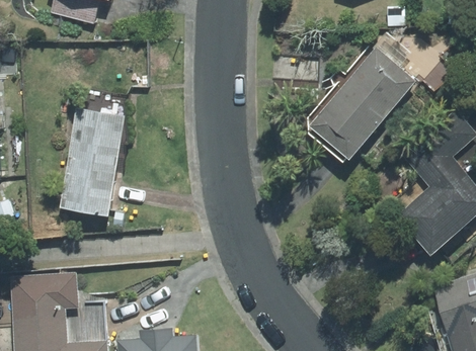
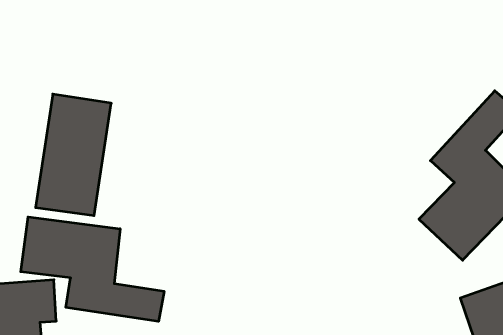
building: [303,43,416,165] -> none
building: none -> [21,217,164,321]

